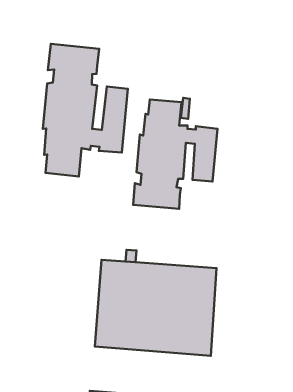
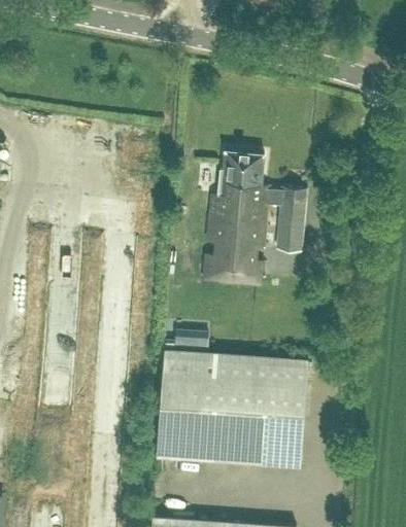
building: [43,44,128,177] -> none

